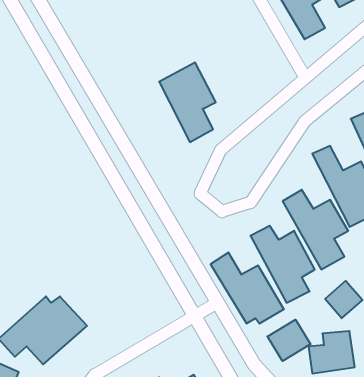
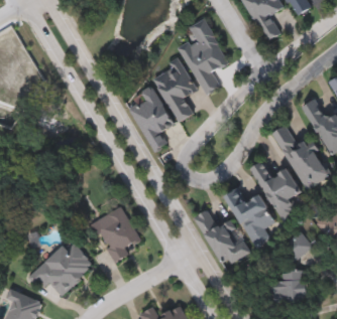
building: none -> [179,16,232,95]
building: none -> [126,88,176,151]
building: none -> [91,205,140,263]
building: [267,320,311,361] -> none

